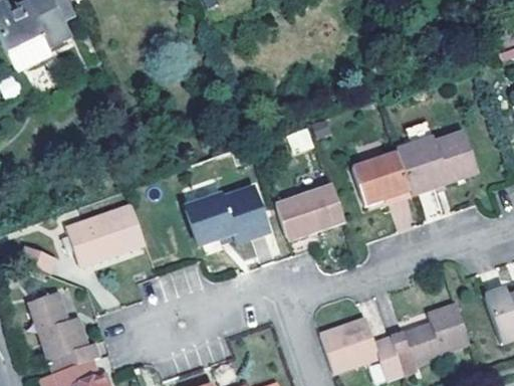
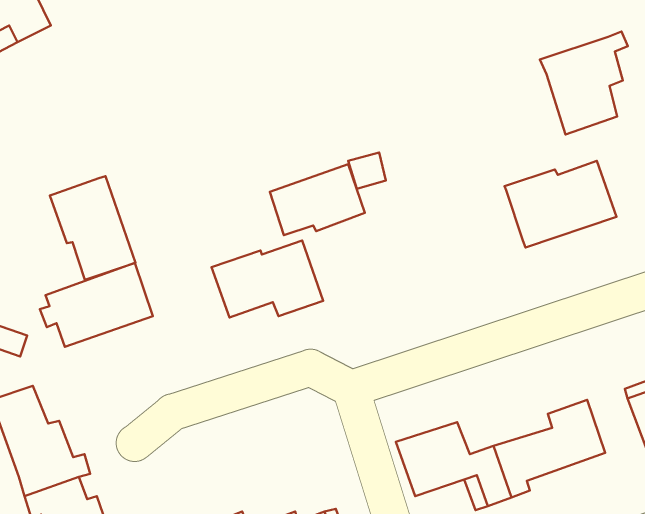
building: none -> [540,32,628,135]
building: none -> [50,176,136,280]
building: [353,152,411,203] -> none
building: [276,185,344,236] -> [270,164,365,235]

